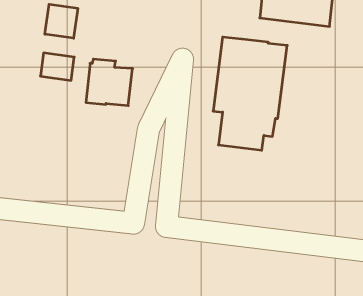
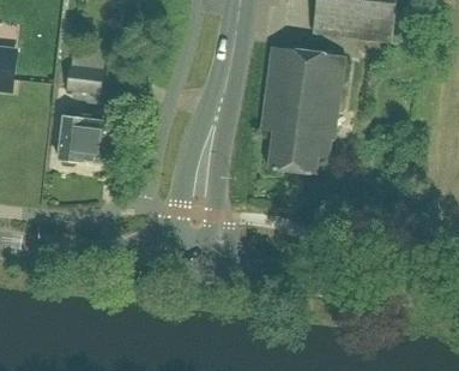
building: [45,4,78,38] -> none
building: [86,59,133,106] -> [58,109,110,162]

